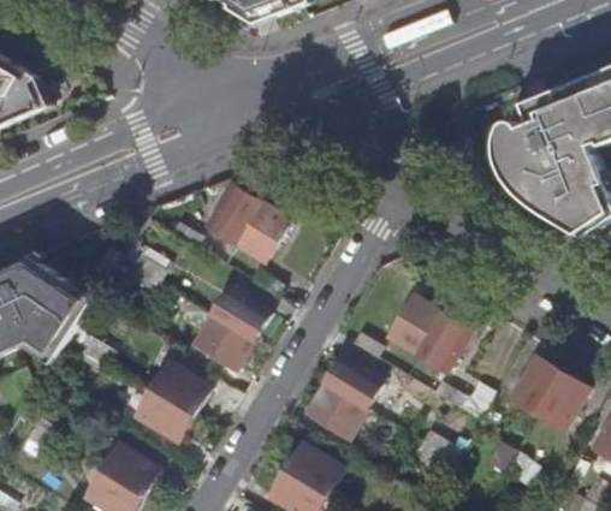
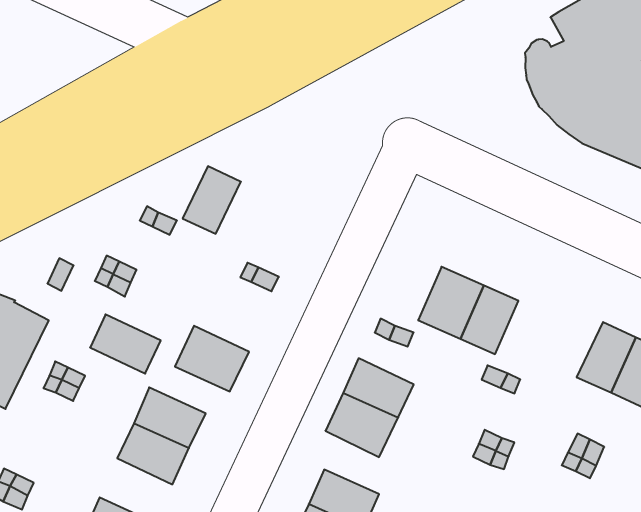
building: [233,203,289,262] -> none
building: [207,290,265,341] -> [90,314,161,374]

